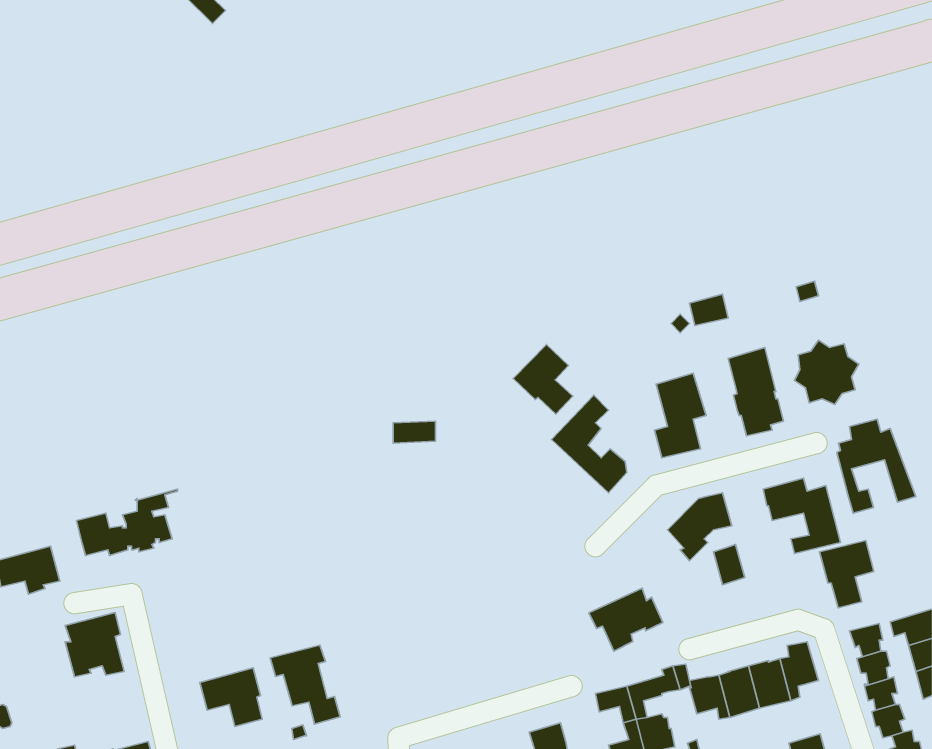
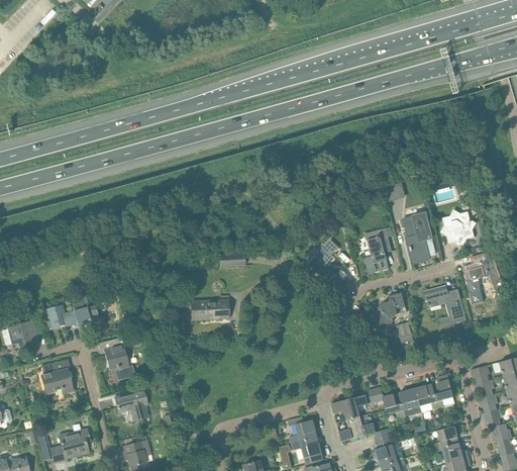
building: [513,344,573,414] -> none
building: none -> [190,299,228,320]
building: [820,540,874,608] -> none
building: [589,588,663,651] -> none
building: [270,645,340,724] -> [97,337,135,380]

